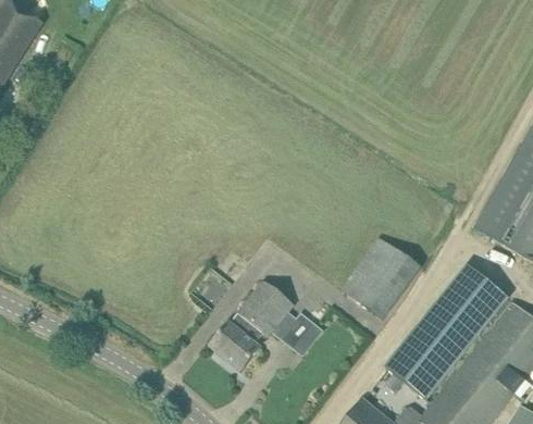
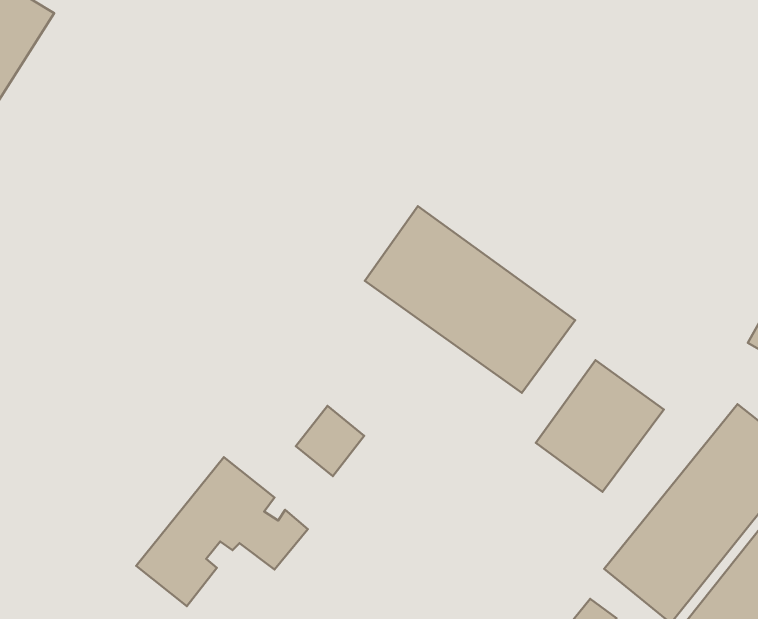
building: none -> [365,206,575,393]
building: [209,278,315,371] -> [136,457,308,606]

